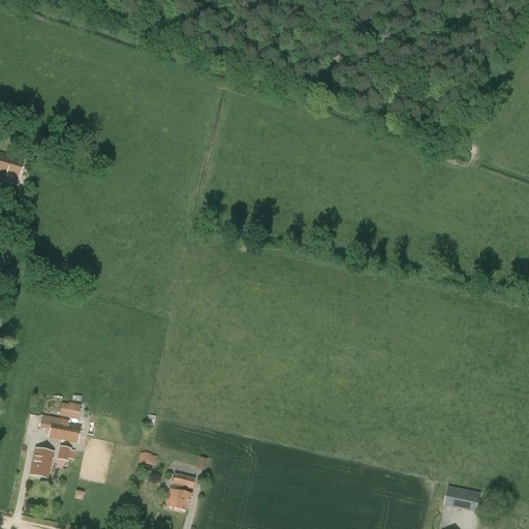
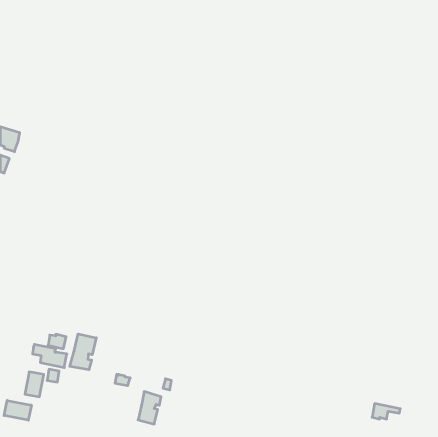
building: none -> [70,334,96,370]
building: none -> [4,400,31,420]

